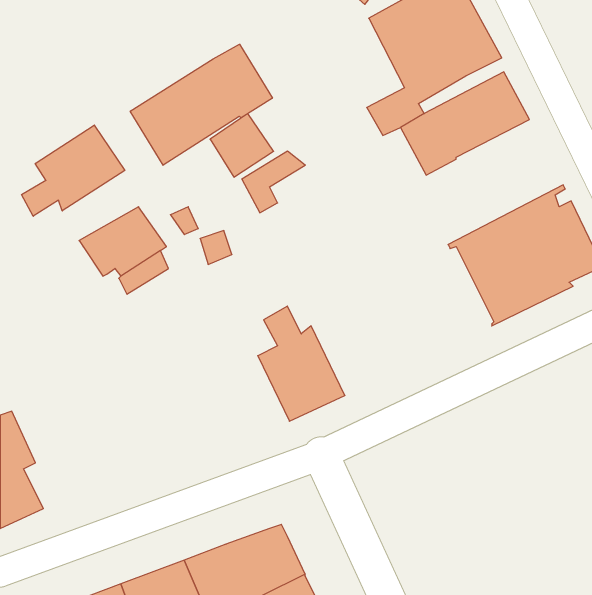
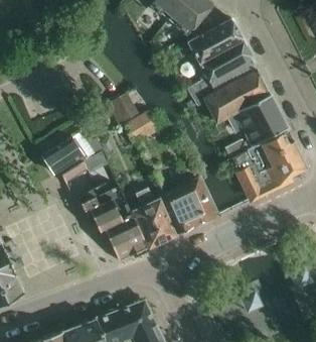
building: [130,44,272,165] -> none
building: none -> [223,95,286,158]
building: [22,125,125,216] -> none
building: none -> [148,173,212,235]
building: none -> [75,182,147,262]

